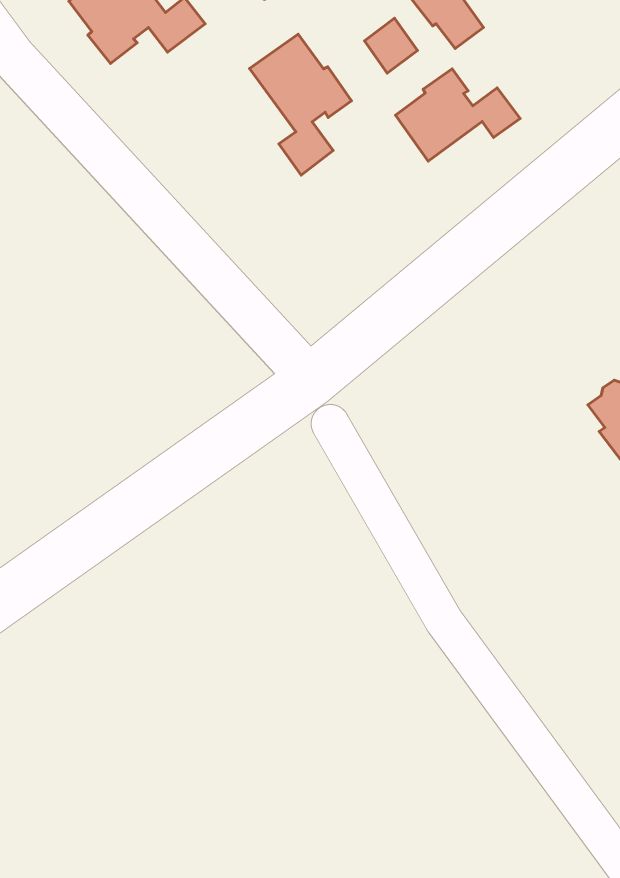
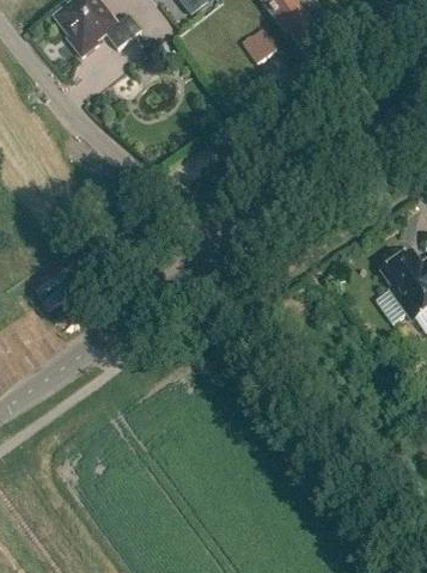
building: [249,34,351,175] -> none
building: [396,69,520,161] -> none

